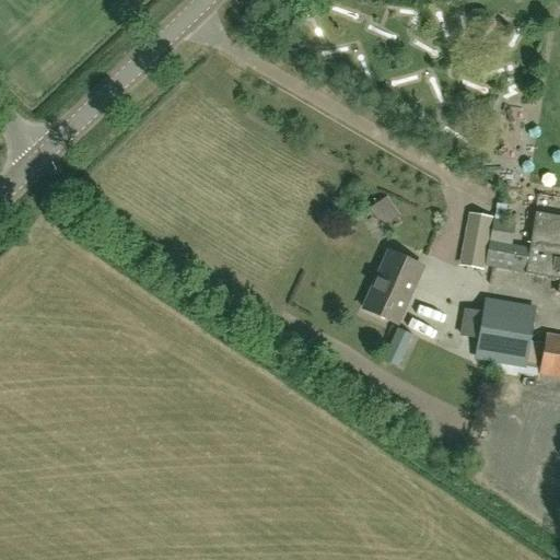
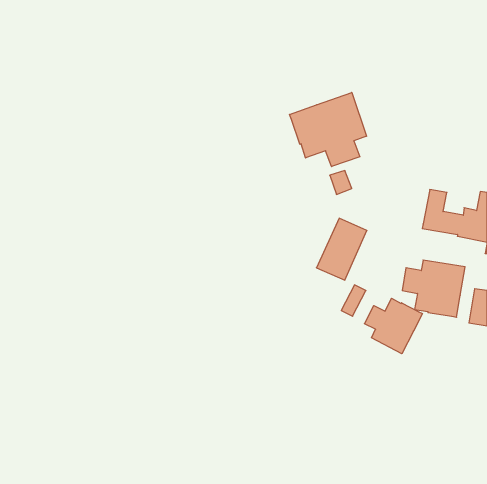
building: none -> [290,92,367,167]
building: [463,211,492,267] -> none
building: none -> [364,298,422,354]

